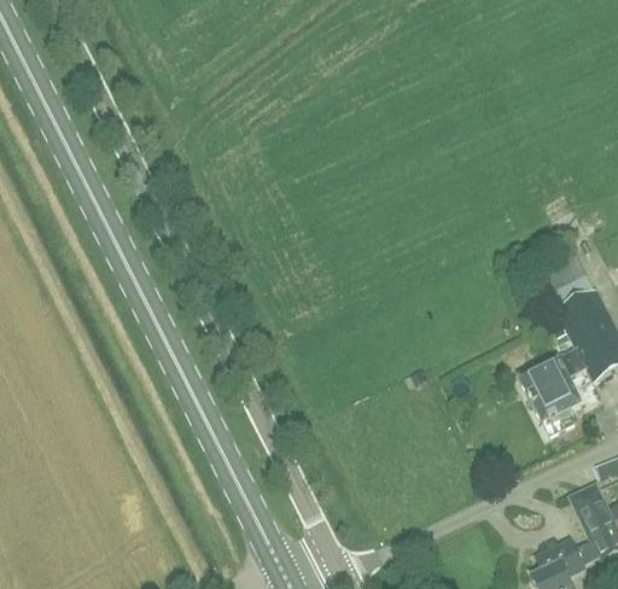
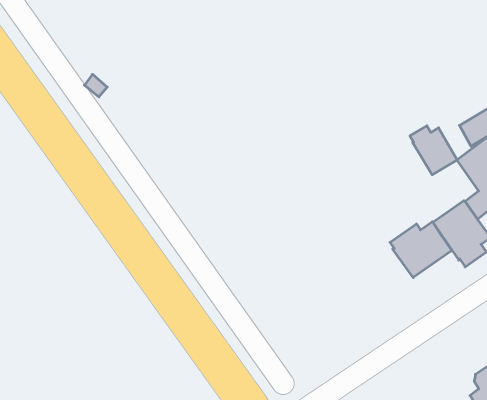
building: none -> [410,126,457,175]
building: none -> [390,222,451,278]

